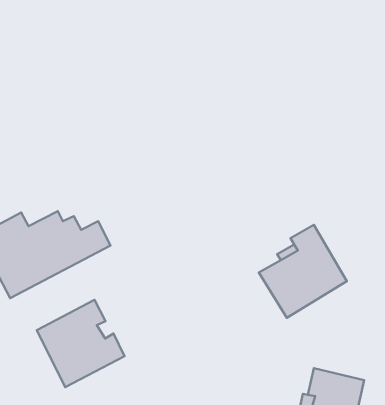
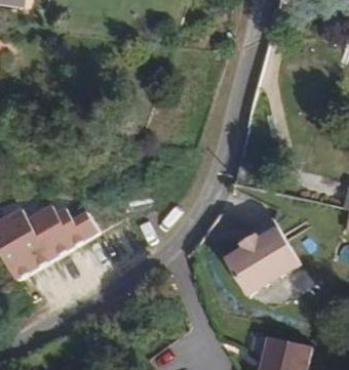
building: [37,300,124,387] -> none

